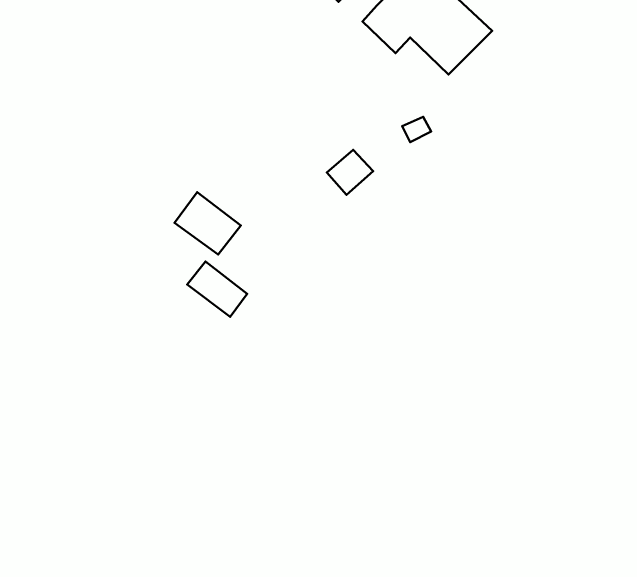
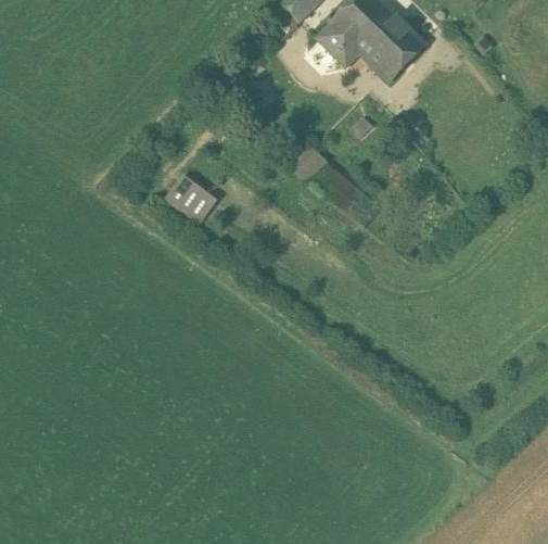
building: [187,261,247,317] -> none

